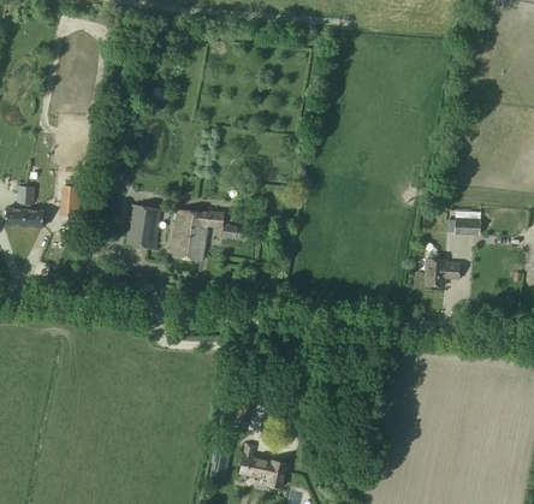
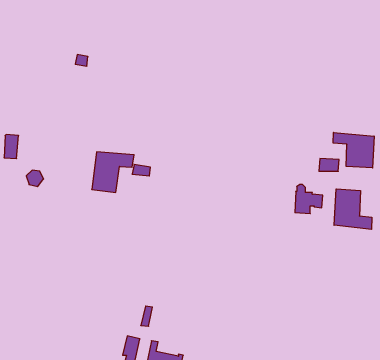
building: none -> [333,132,374,168]
building: [126,204,160,249] -> none
building: none -> [334,189,372,229]

